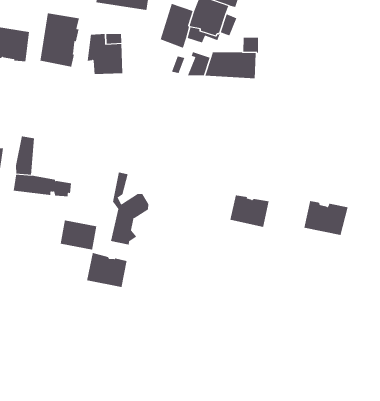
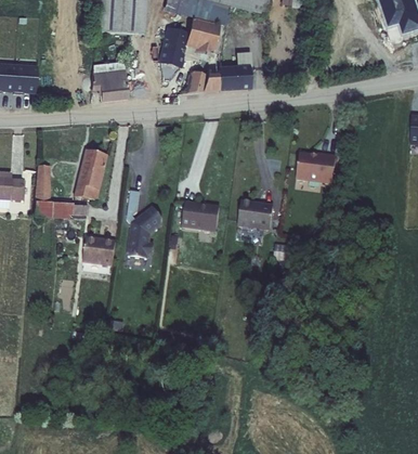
building: [40,13,79,67] -> none
building: none -> [74,146,108,197]
building: none -> [183,200,220,229]
building: [304,200,348,236] -> [296,152,336,182]
building: [87,252,127,288] -> none

